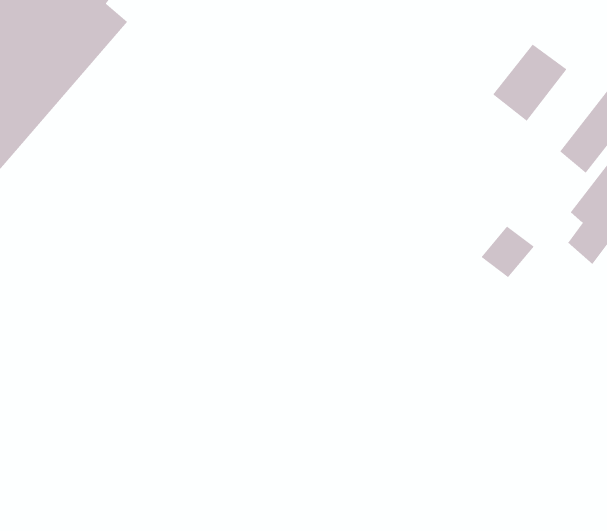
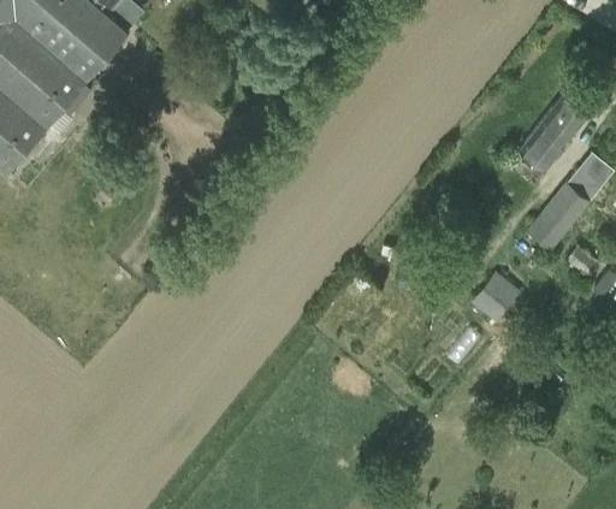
building: [492,43,568,122] -> none
building: [481,225,535,278] -> [469,274,519,322]

